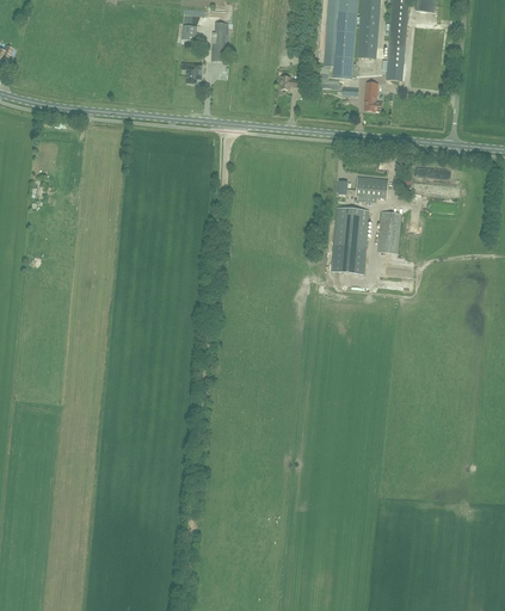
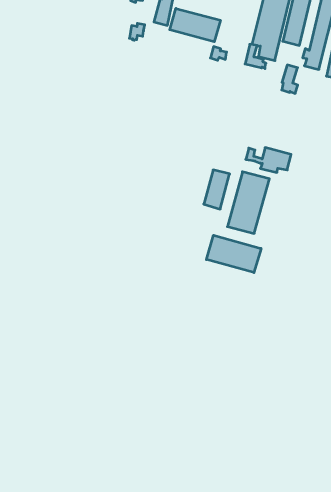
building: none -> [170,8,220,42]
building: [378,210,401,252] -> [204,170,230,209]
building: none -> [206,235,261,273]

